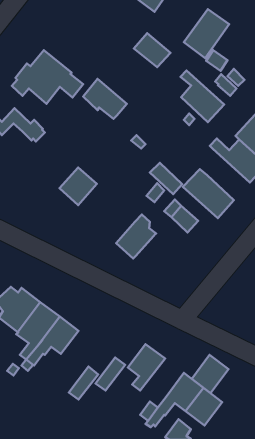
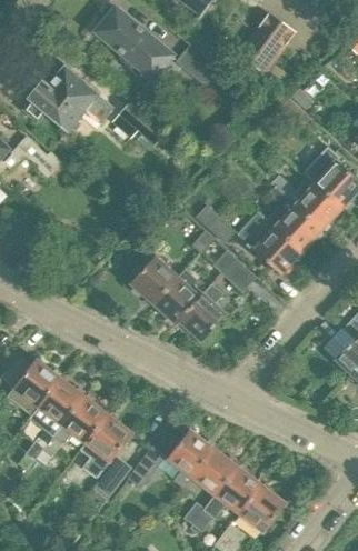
building: none -> [97,9,170,86]
building: [180,70,224,122] -> [266,187,320,251]
building: [59,168,97,205] -> [130,258,177,304]
building: none -> [178,283,225,340]
building: none -> [80,413,131,478]
building: [192,355,228,393] -> [192,448,238,495]

